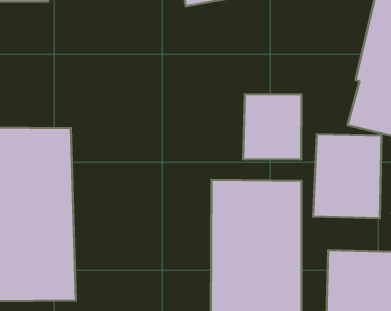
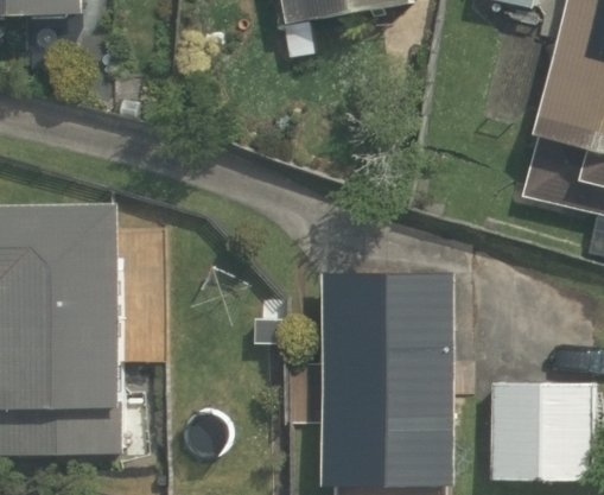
building: [243,94,301,159] -> none
building: [313,134,382,218] -> none

